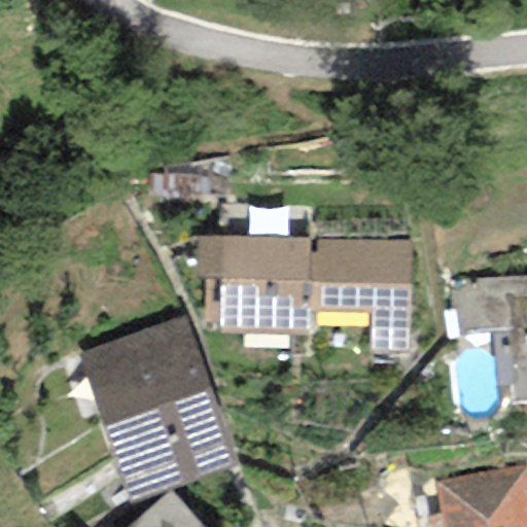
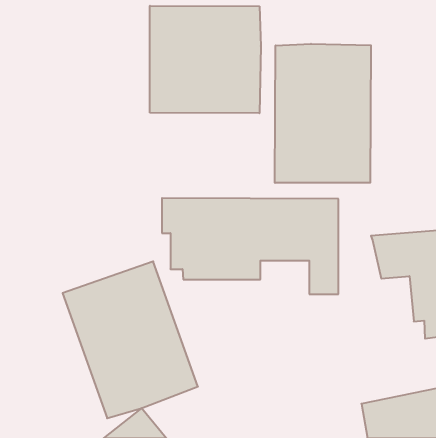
building: none -> [150,6,261,113]
building: none -> [275,44,371,183]

